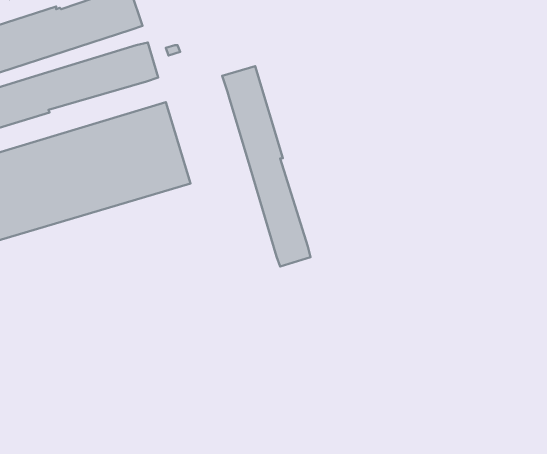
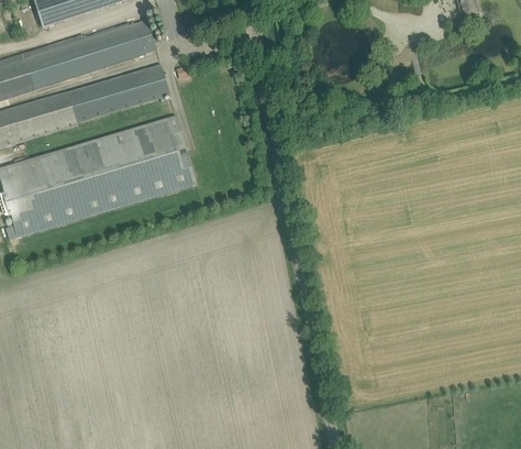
building: [222,66,311,266] -> none

